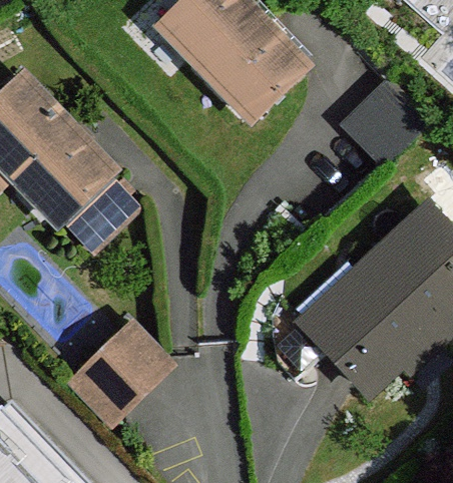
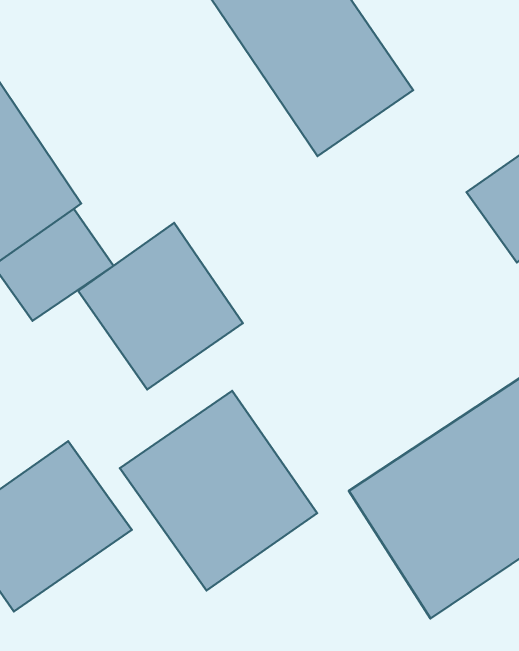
building: none -> [78,223,243,390]
building: none -> [120,391,317,591]

